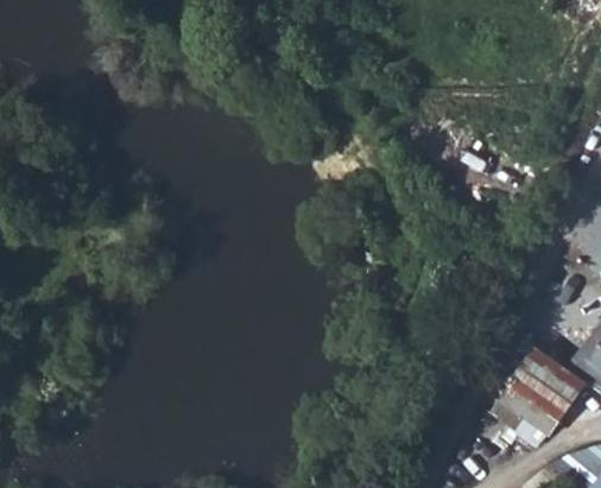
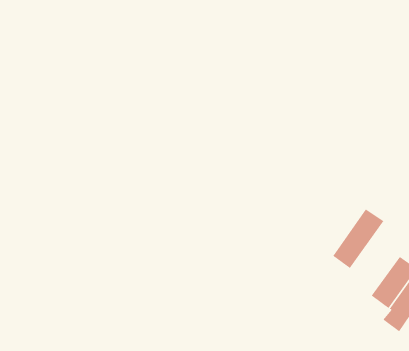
building: none -> [332,209,384,269]

